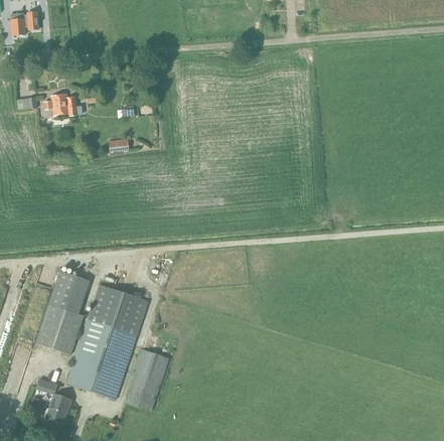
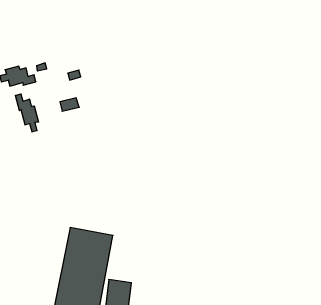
building: none -> [15,94,38,132]
building: [35,271,91,354] -> none

